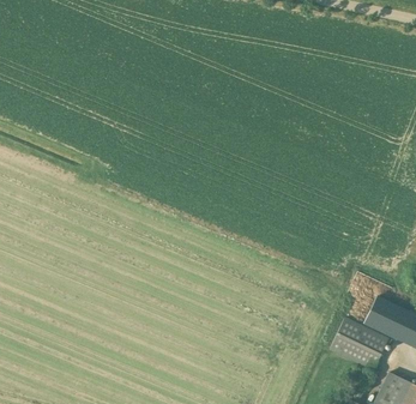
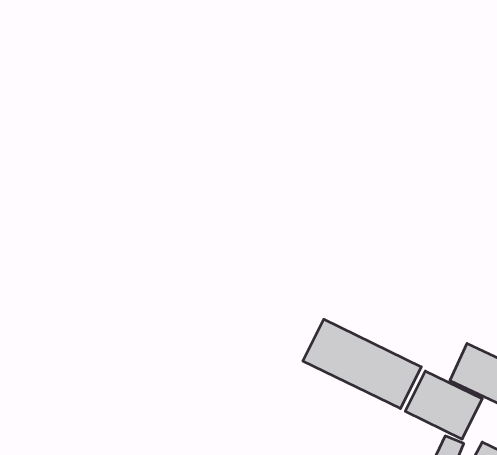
building: none -> [303,319,421,409]

